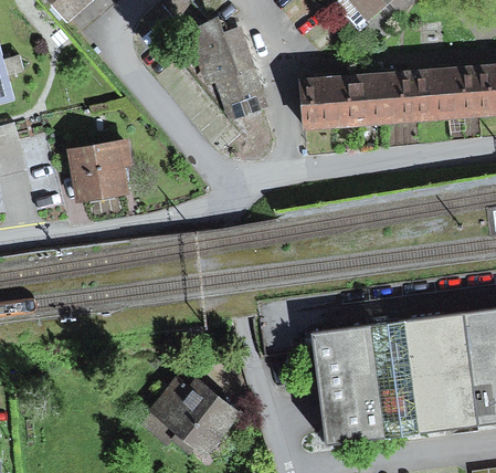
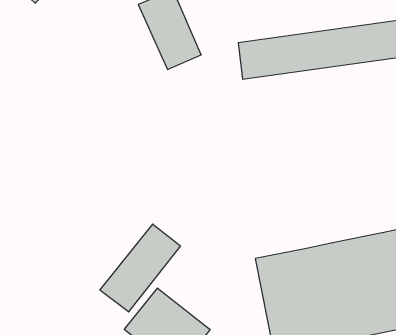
building: [67,144,137,203] -> none
building: none -> [100,224,180,312]

